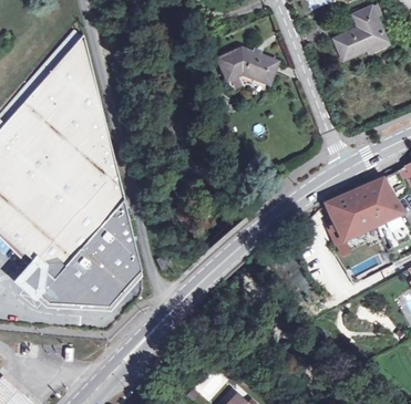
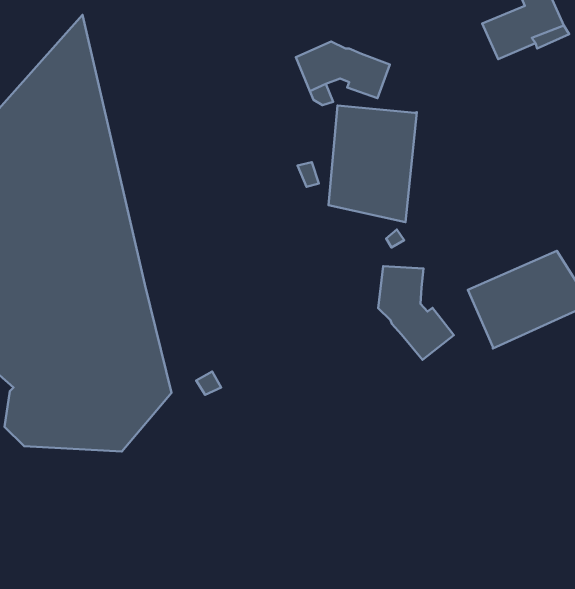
building: none -> [329,106,417,222]
building: none -> [378,266,454,360]

